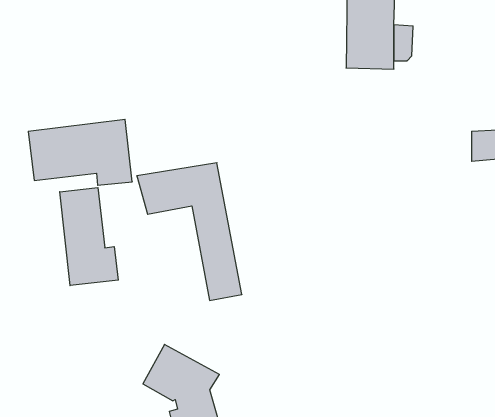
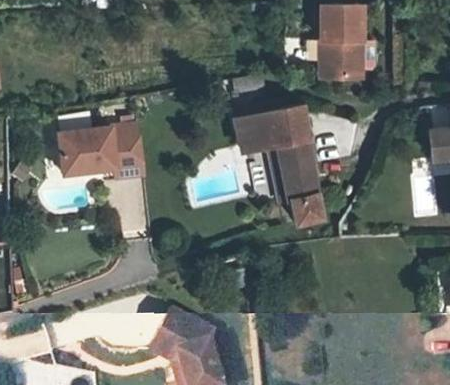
building: [137,163,242,300] -> [233,107,321,222]
building: [60,188,118,286] -> none

